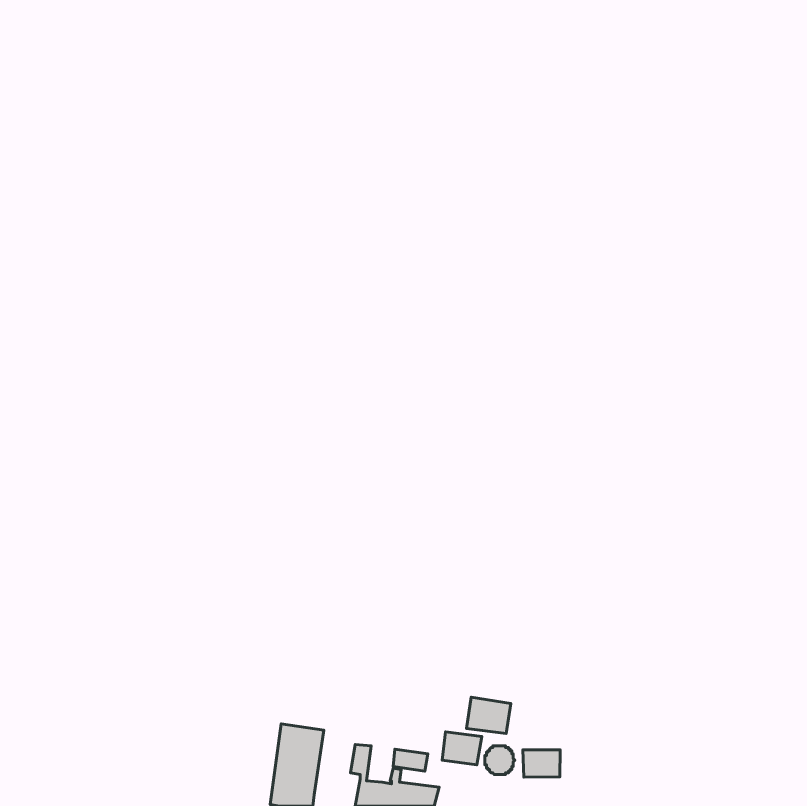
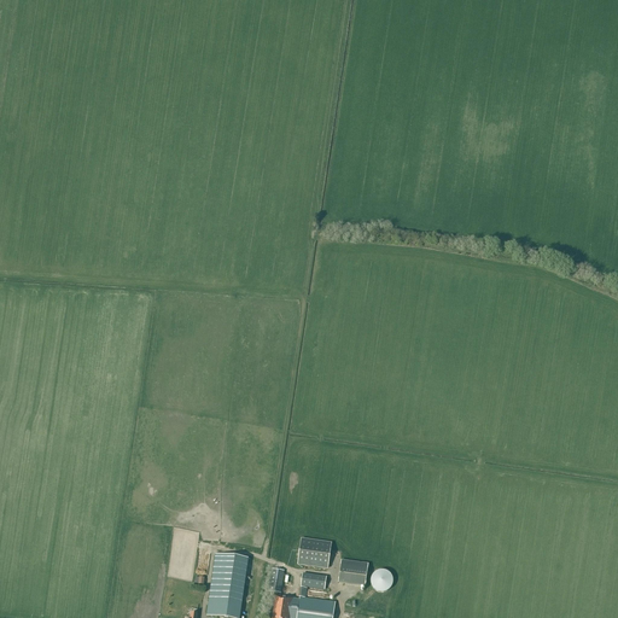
building: [467,697,511,733] -> [297,538,331,566]
building: [523,750,560,777] -> none

